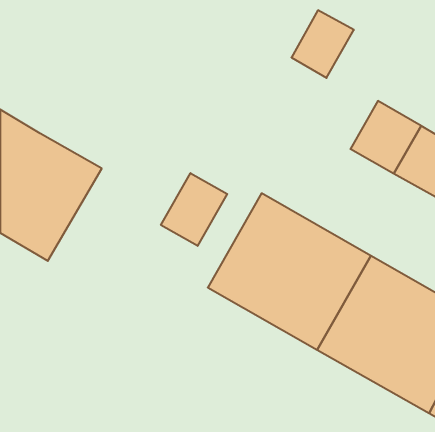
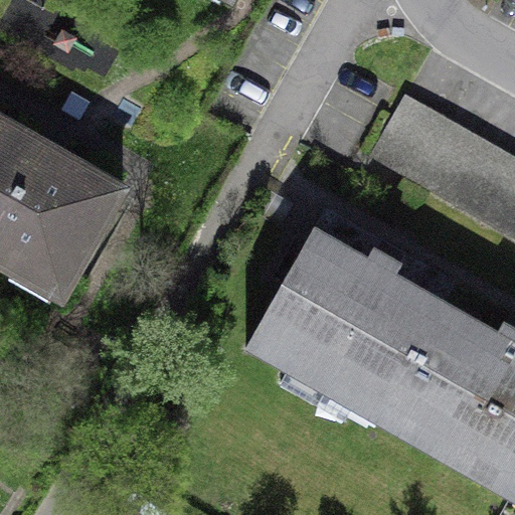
building: [291,10,354,78] -> [373,96,447,175]
building: [161,173,227,246] -> none

